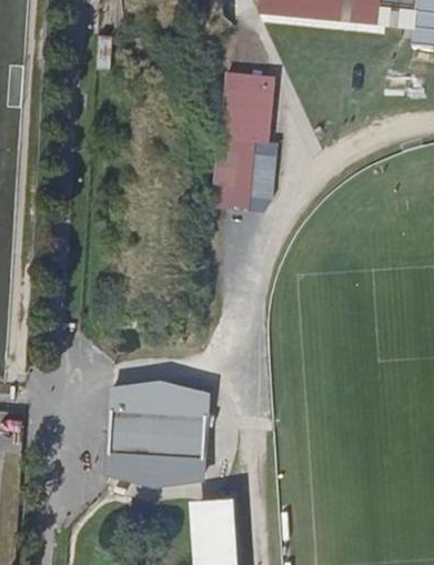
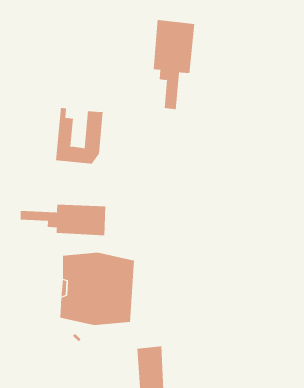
building: [214,135,277,210] -> [55,107,103,164]
building: none -> [20,204,106,236]

